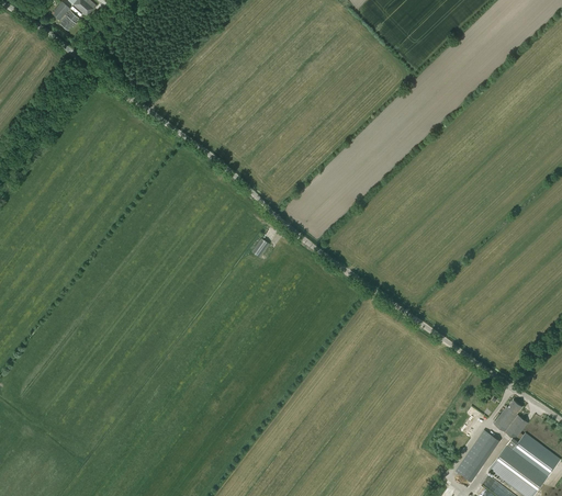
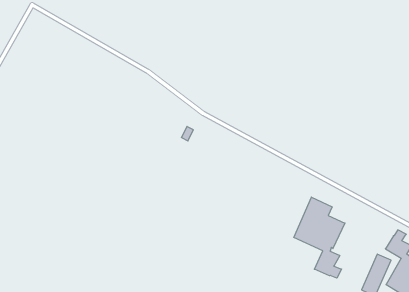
building: none -> [294,197,345,278]

